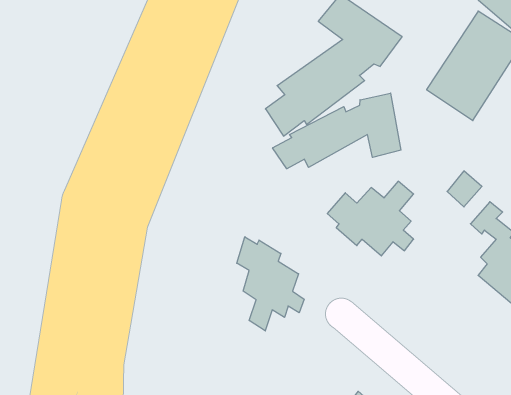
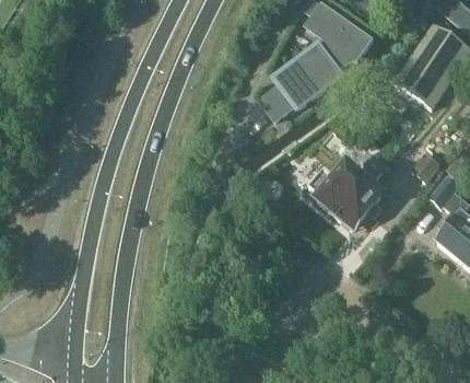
building: [273,93,401,169] -> none
building: [237,237,304,331] -> none

